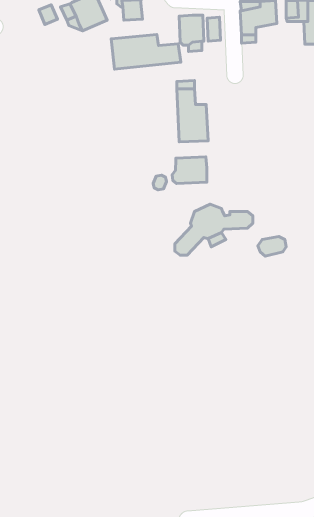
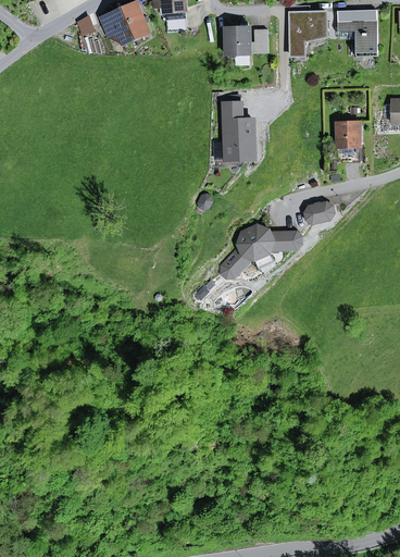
building: [111,35,181,69] -> none
building: none -> [336,121,360,162]
building: [172,157,207,183] -> none
building: [258,236,286,256] -> [303,201,333,222]

